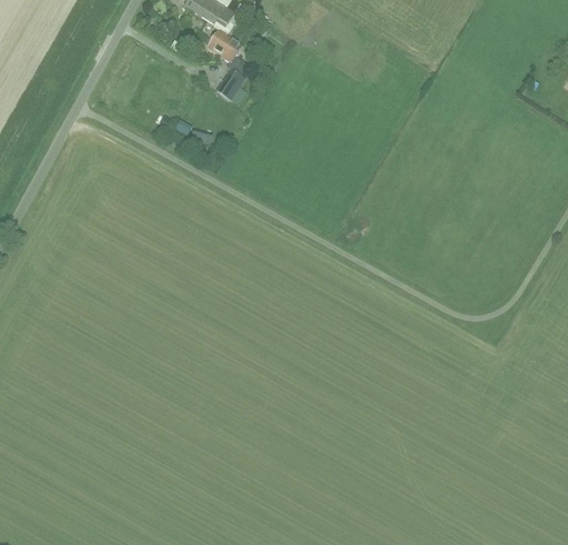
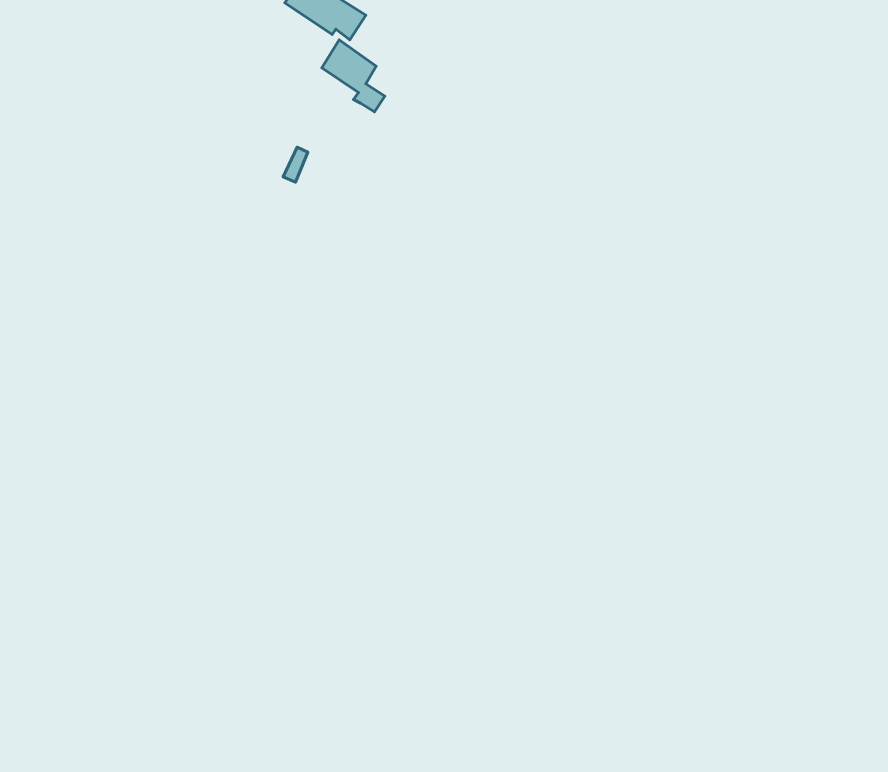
building: [217,68,246,99] -> none

